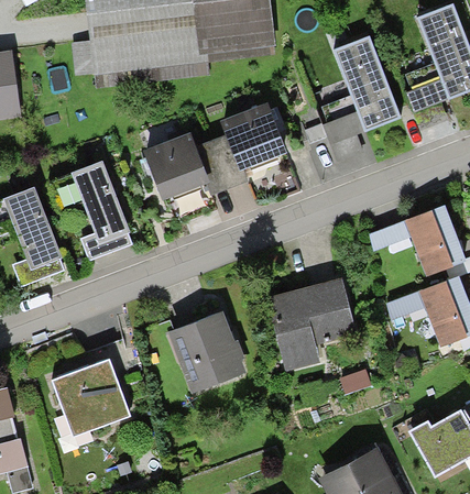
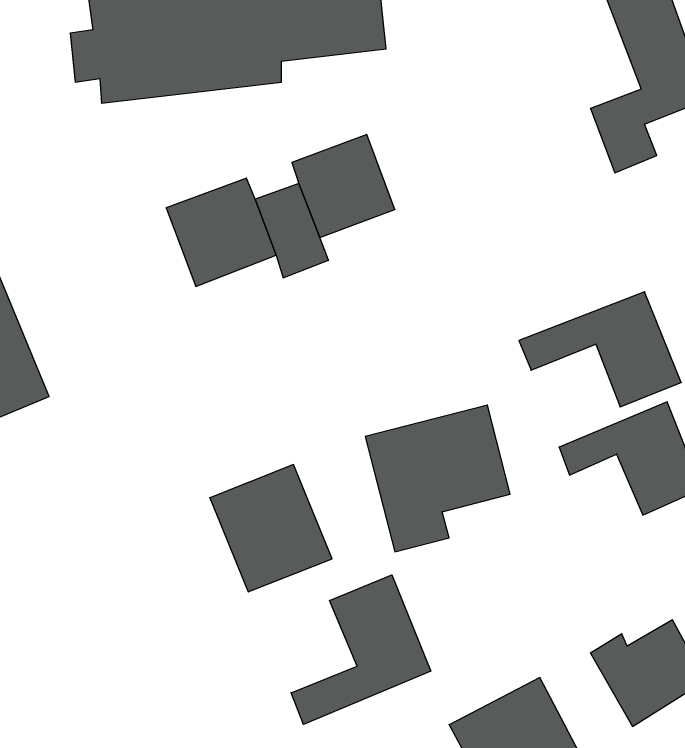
building: [324,36,400,163] -> none
building: [47,161,135,263] -> none
building: [50,358,129,437] -> none
building: none -> [291,575,431,724]

